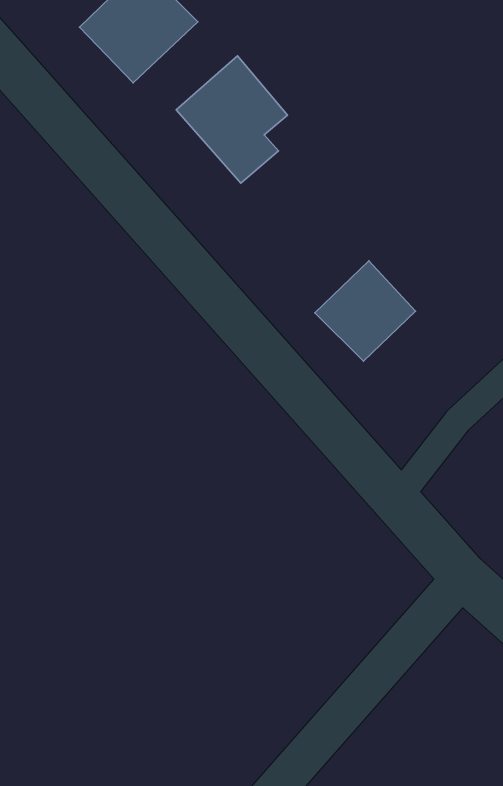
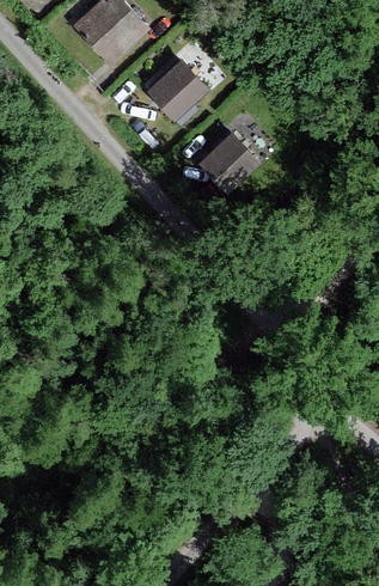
building: [315,261,415,361] -> [195,128,262,195]

